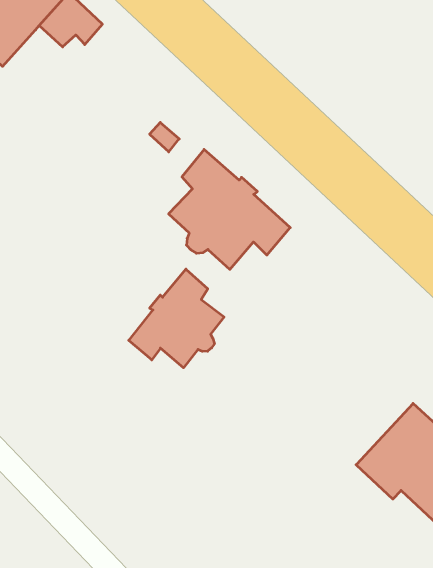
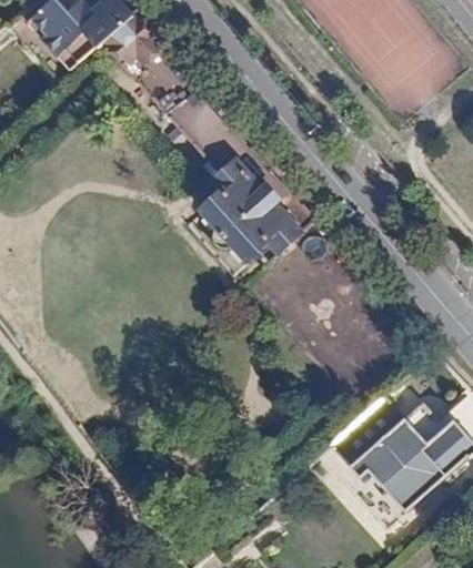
building: [129,269,224,368] -> none

